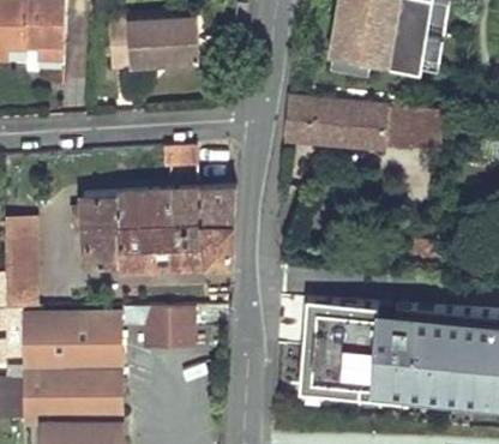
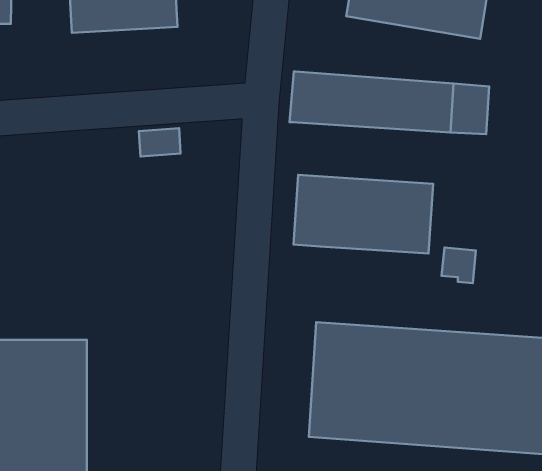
building: none -> [294,175,433,253]
building: [72,186,235,265] -> none
building: [124,307,193,346] -> none

